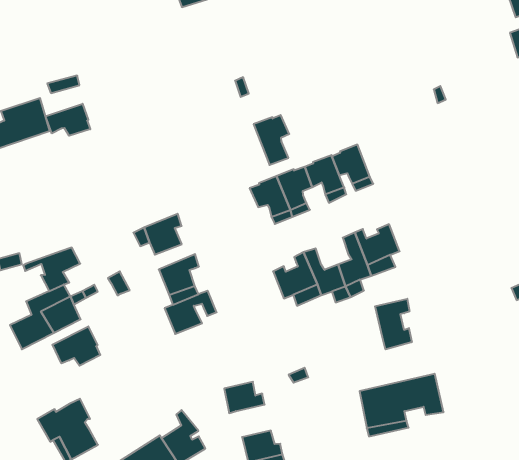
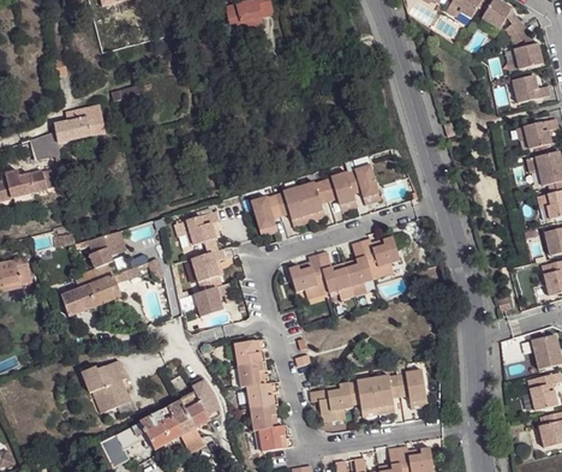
building: [45,104,90,136] -> none
building: [254,115,289,165] -> [251,195,281,237]
building: [375,299,412,349] -> none
building: [52,326,100,366] -> none
building: none -> [235,337,268,365]
building: none -> [310,381,352,413]
building: none -> [247,381,280,408]

